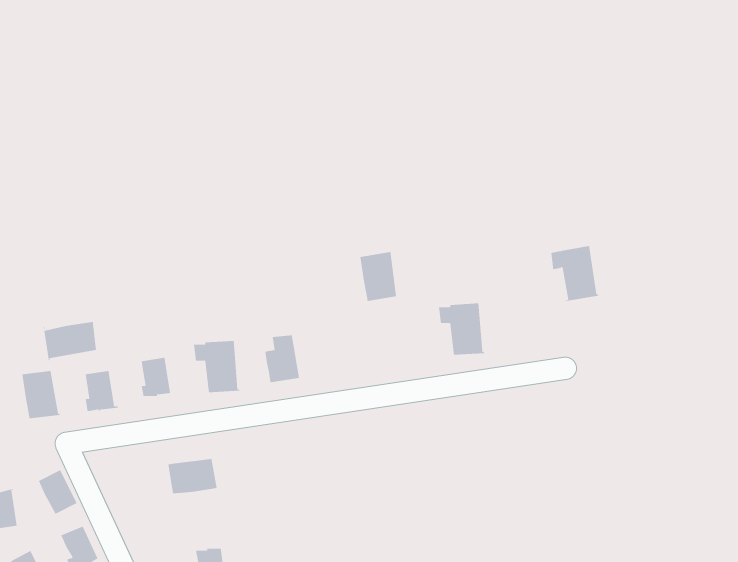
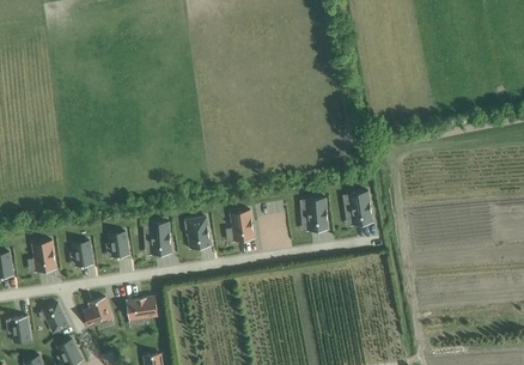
building: [551,245,599,301] -> [342,190,373,226]
building: [359,251,399,302] -> [230,209,255,242]
building: [43,321,97,361] -> none
building: none -> [84,297,111,327]

